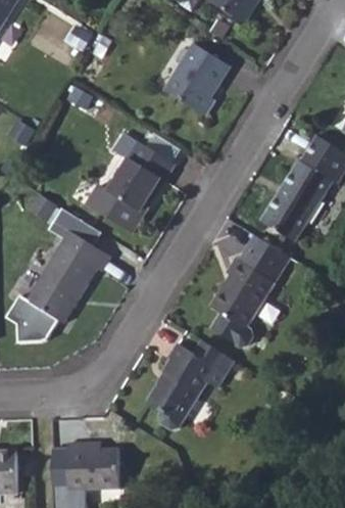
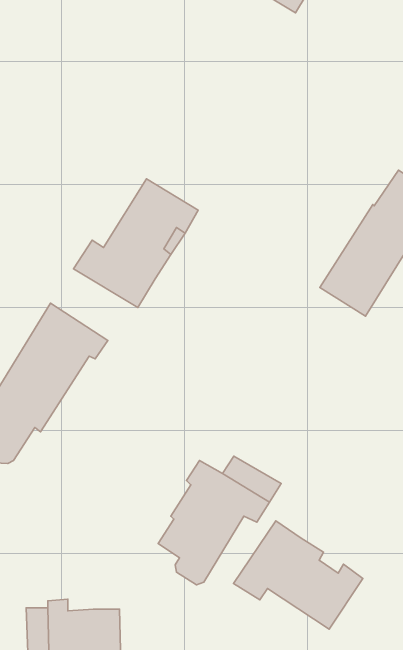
building: [164,42,229,113] -> none
building: [210,233,290,345] -> none
building: none -> [234,521,363,629]

